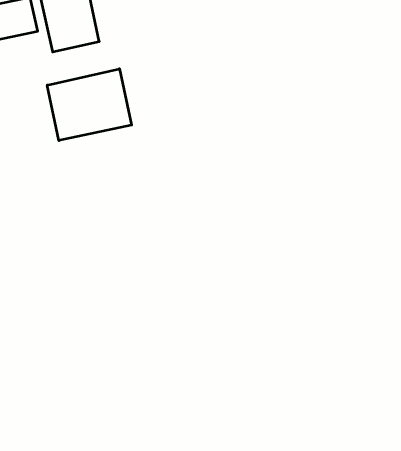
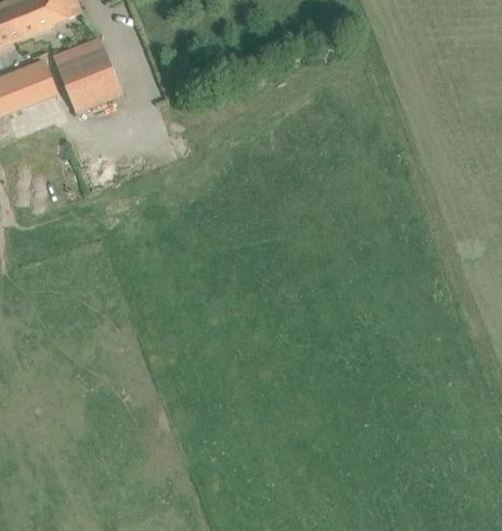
building: [47,69,132,141] -> none

